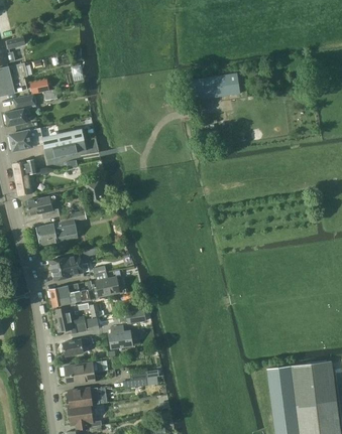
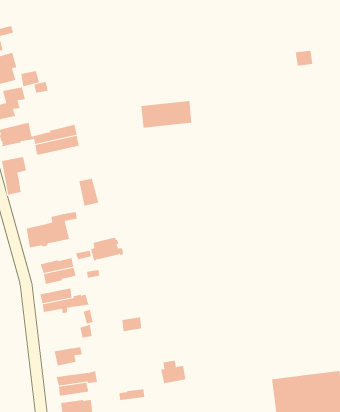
building: [193,71,241,98] -> [141,100,192,128]
building: [25,195,60,220] -> none
building: [93,277,124,299] -> [90,237,124,261]
building: [52,307,87,334] -> none
building: [108,325,132,347] -> [160,360,186,384]

